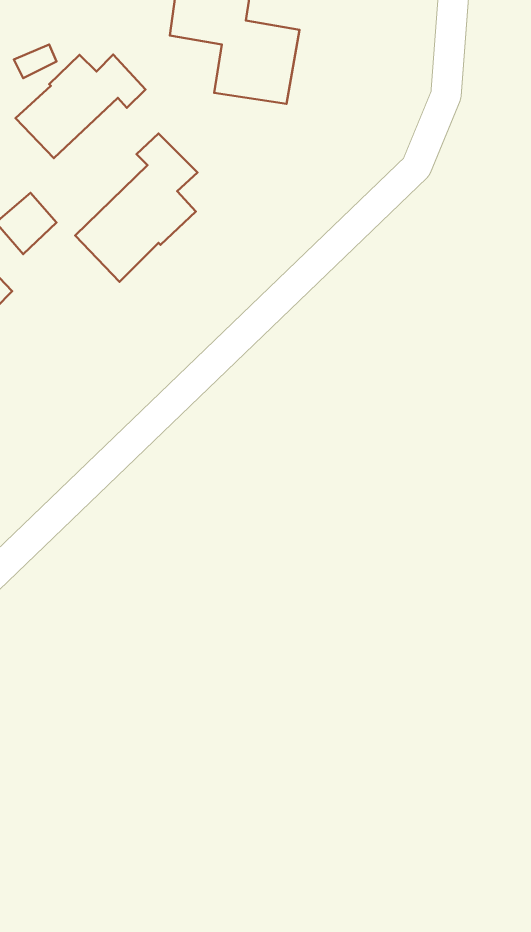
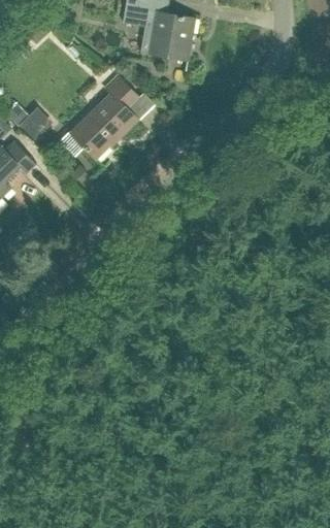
building: [16,54,145,158] -> none

